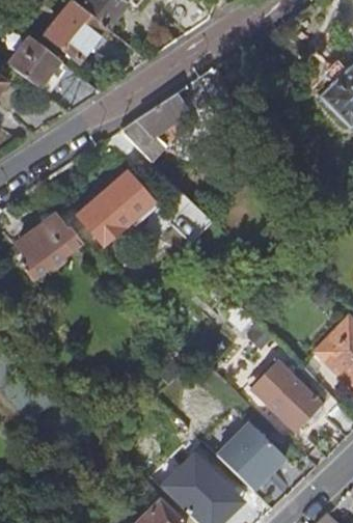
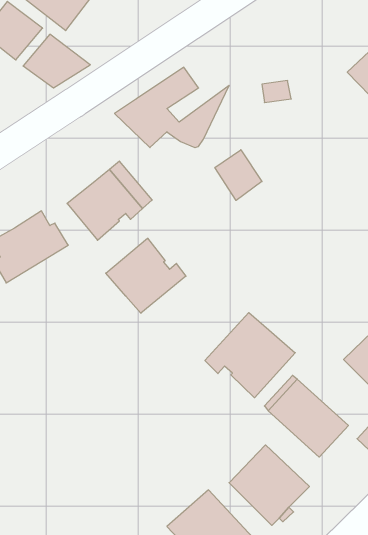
building: none -> [215,150,262,200]
building: none -> [106,238,186,313]
building: none -> [205,313,295,398]

